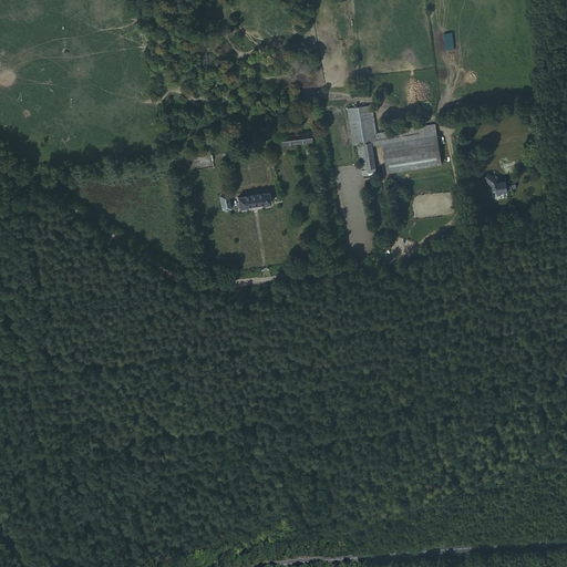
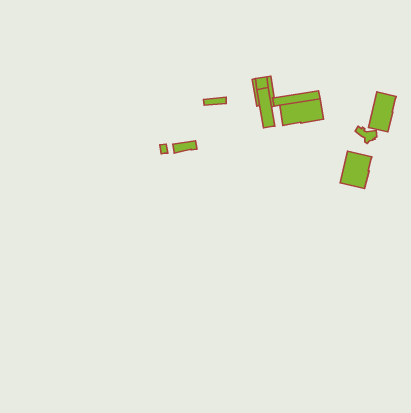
building: none -> [369,92,396,132]
building: none -> [340,151,372,188]

